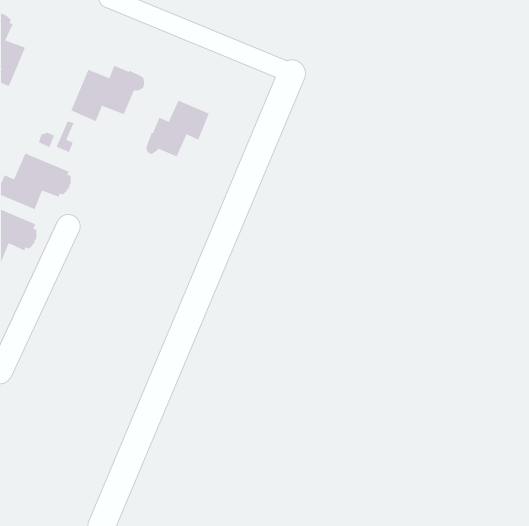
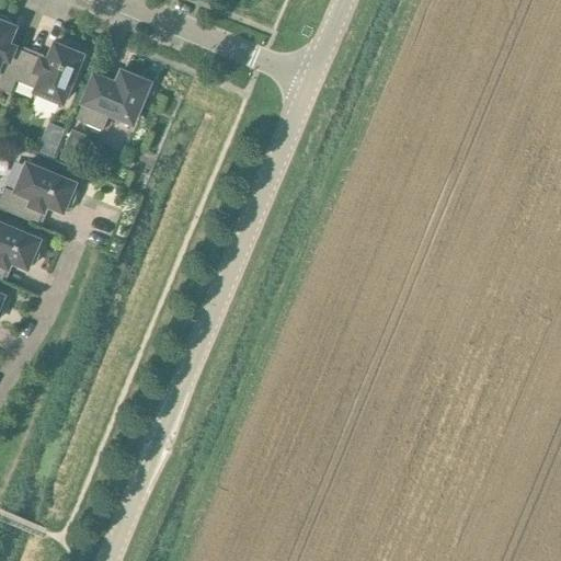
building: none -> [15,41,81,102]
building: [146,100,210,157] -> none

